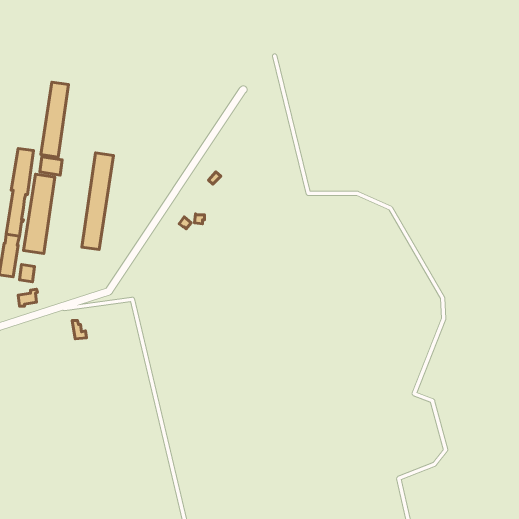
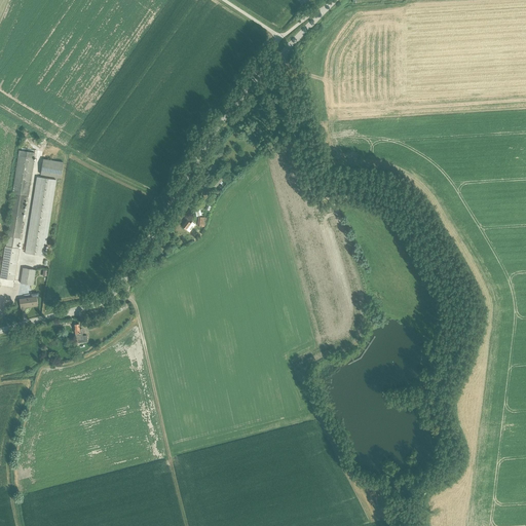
building: [41,82,68,157] -> none
building: [82,153,114,249] -> none

